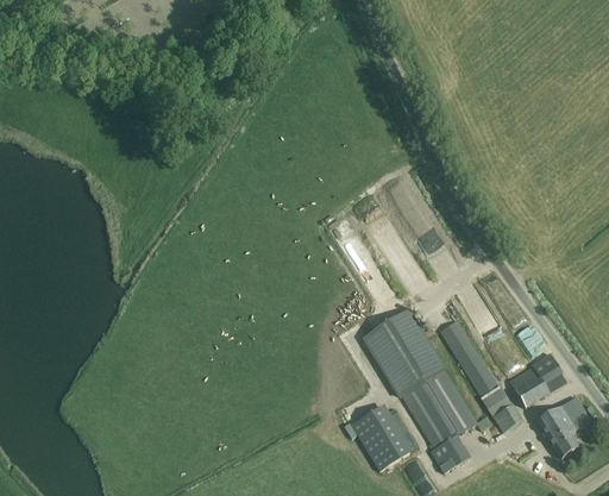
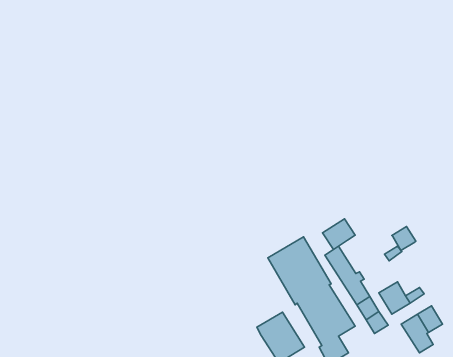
building: none -> [323,219,355,249]
building: [530,352,561,383] -> [392,226,416,250]

